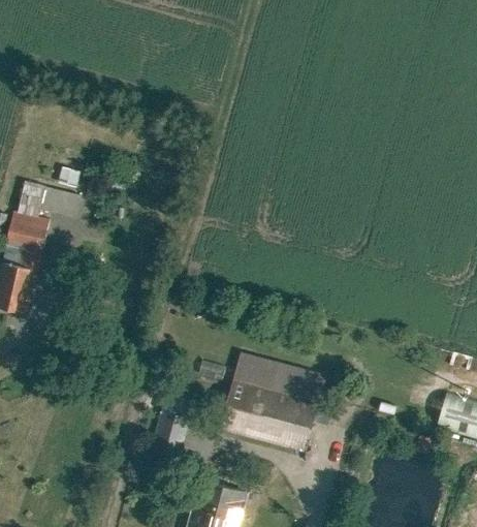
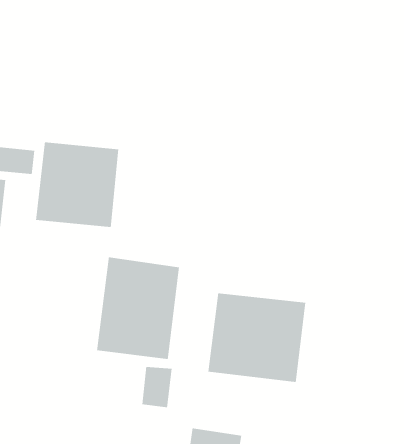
building: none -> [36,142,119,228]
building: none -> [97,257,179,360]

